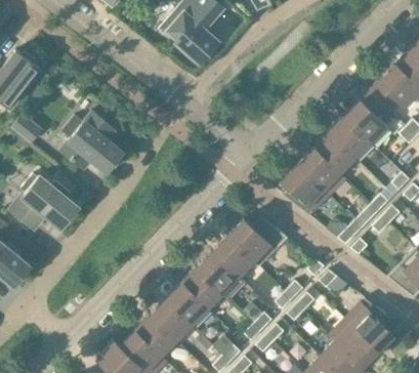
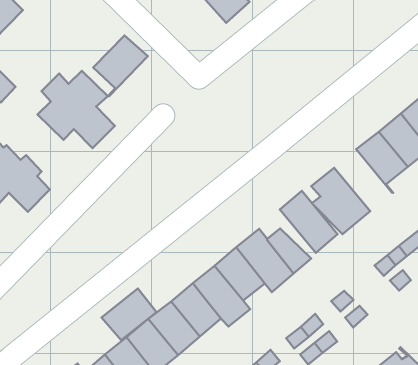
building: none -> [93,35,148,96]
building: [297,149,344,196] -> [280,191,338,253]
building: none -> [101,288,156,340]

